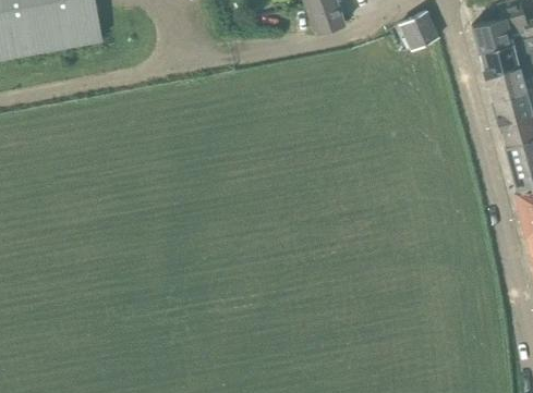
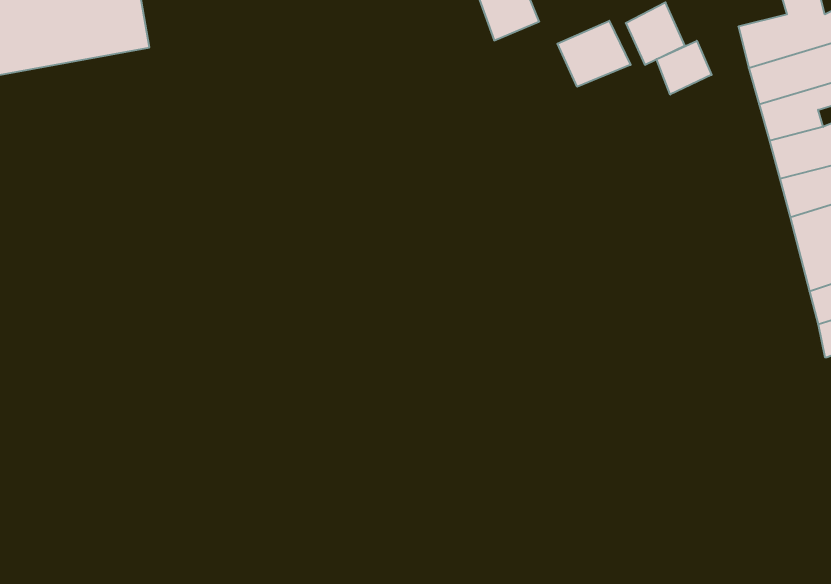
building: none -> [557,21,631,87]
building: none -> [656,41,712,95]

